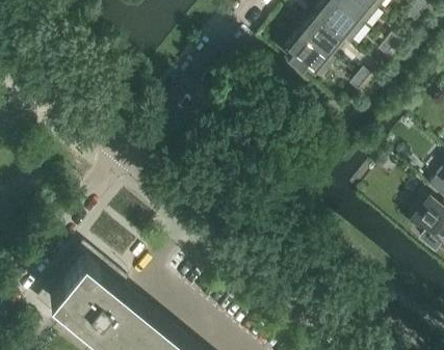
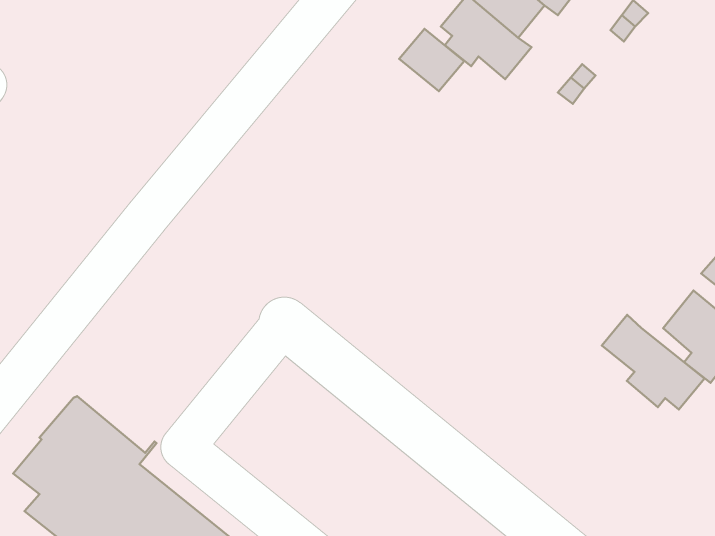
building: none -> [399,29,464,91]
building: none -> [602,315,704,409]

